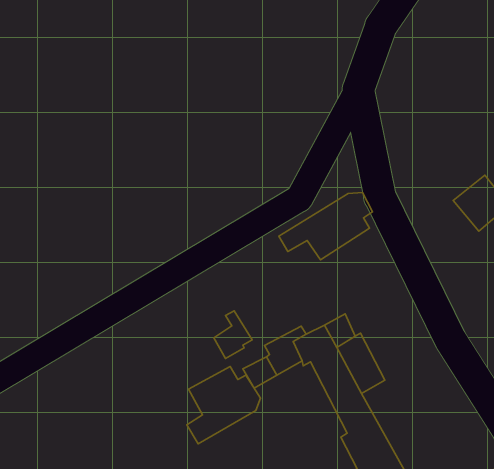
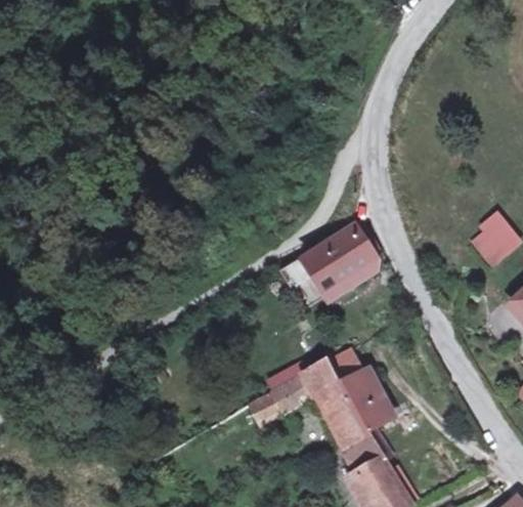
building: [214,311,252,359] -> none
building: [187,367,261,444] -> none

